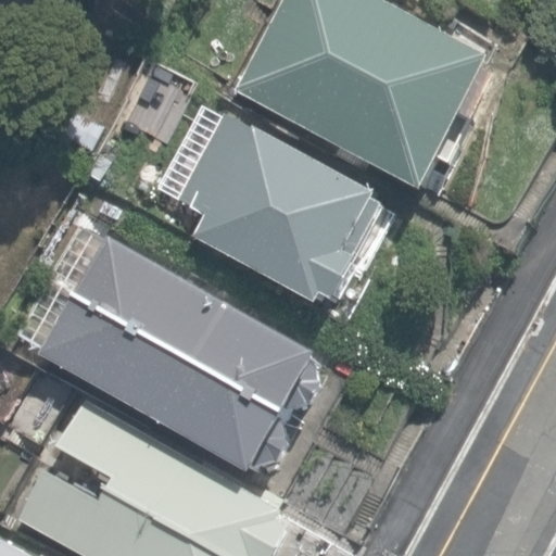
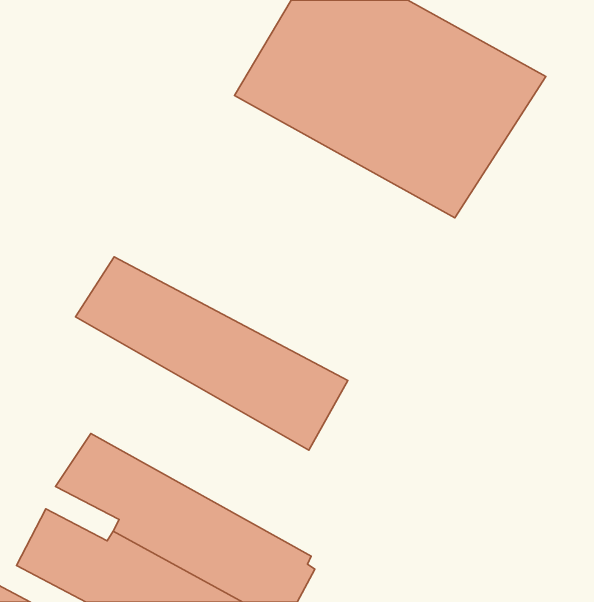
building: [149,112,382,307] -> none
building: [36,292,285,472] -> none

